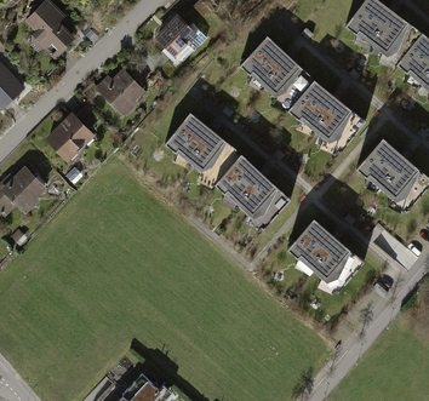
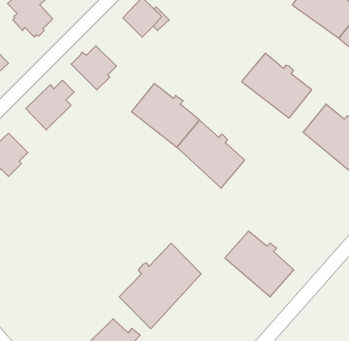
building: [238,33,313,108] -> none
building: [285,214,362,288] -> [225,231,294,297]
building: none -> [119,243,201,329]

